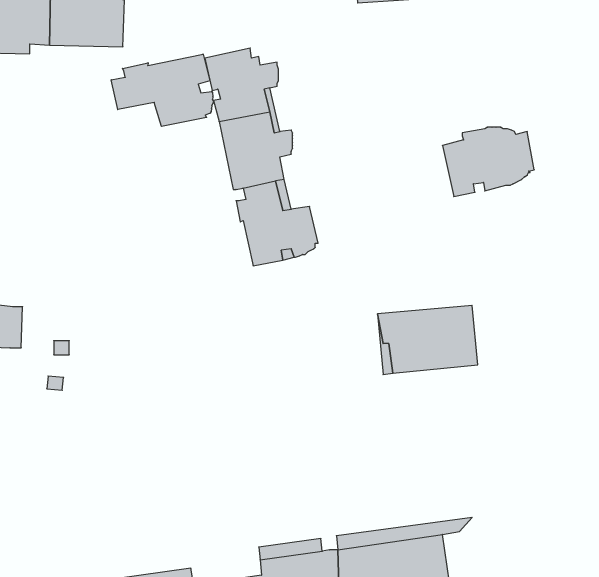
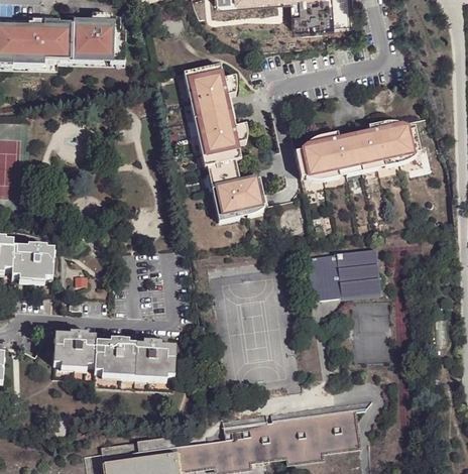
building: [111,54,214,126] -> none
building: none -> [295,134,361,182]
building: none -> [53,336,176,378]

